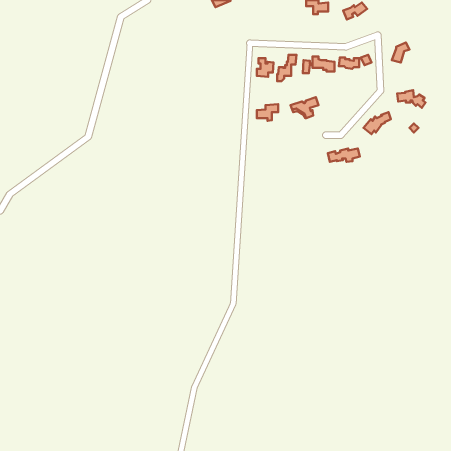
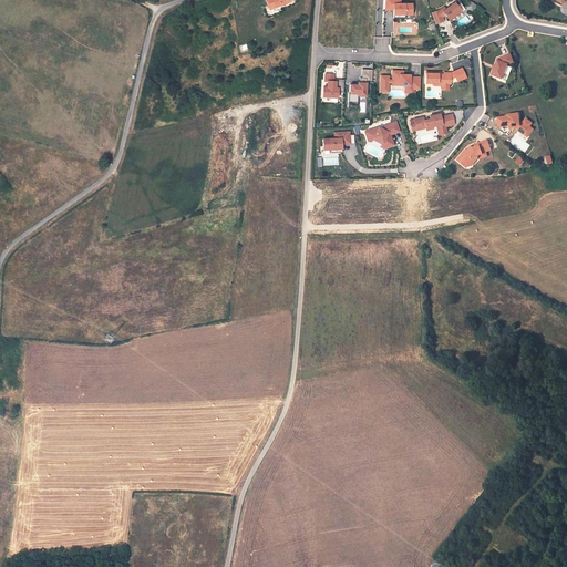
building: [328,149,360,162] -> [414,114,454,131]

